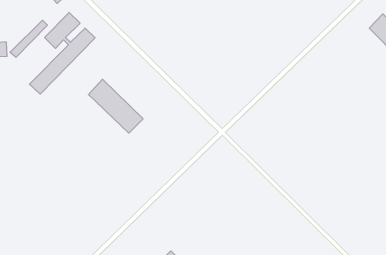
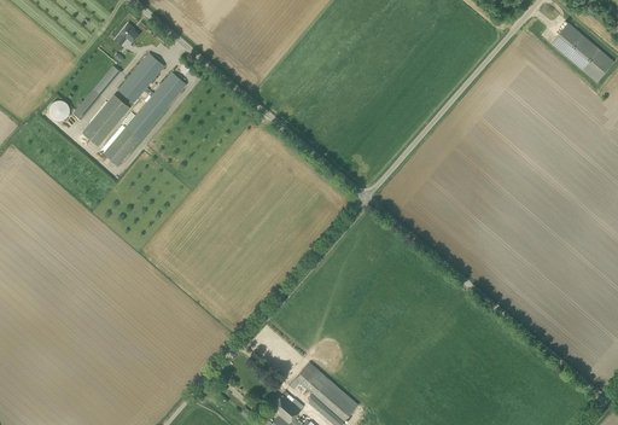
building: none -> [82,94,129,146]
building: [88,79,143,133] -> none

